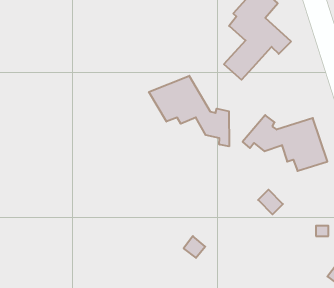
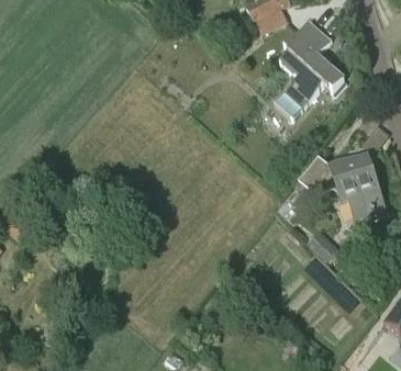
building: [149,76,229,146] -> none

